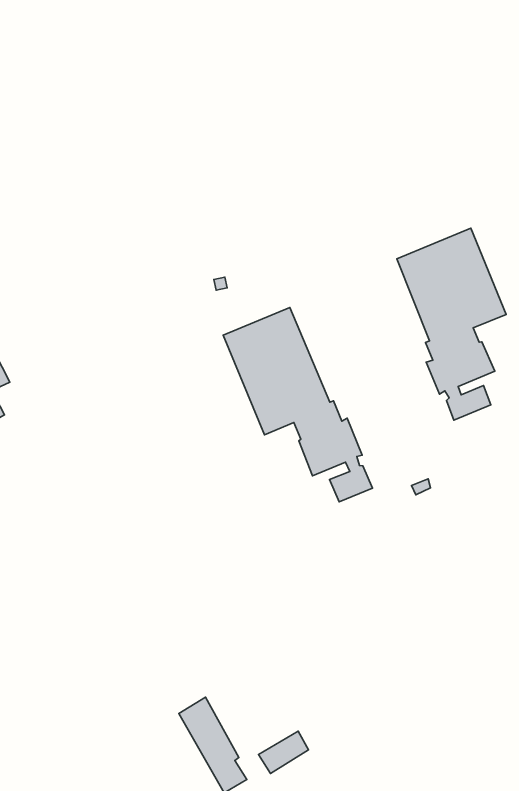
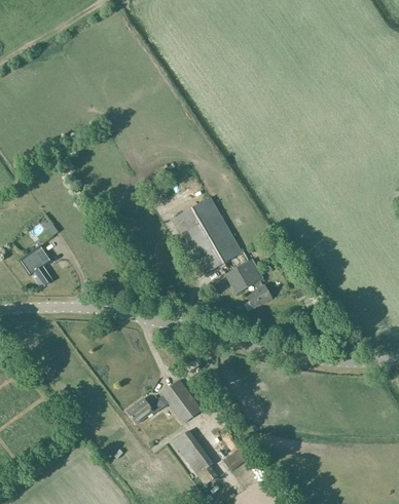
building: [397,228,506,420] -> none
building: none -> [126,380,202,424]

